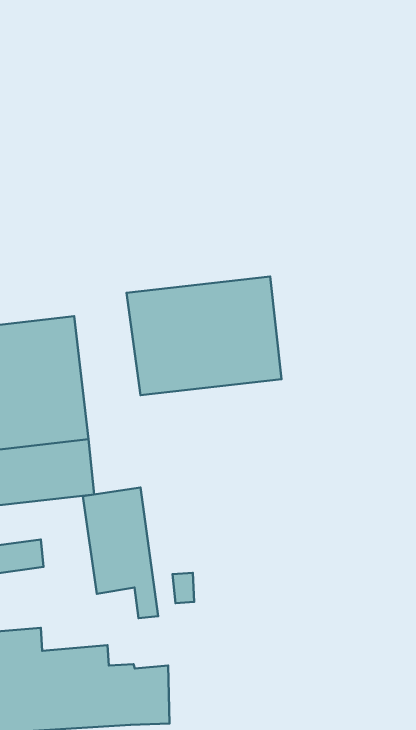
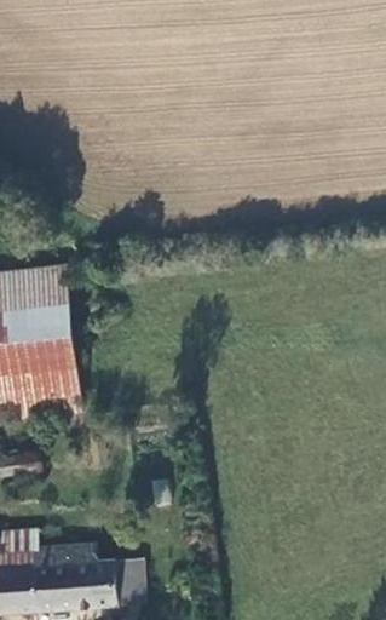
building: [127,276,281,395] -> none
building: [83,488,158,618] -> none

